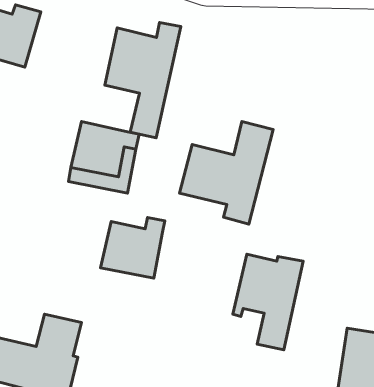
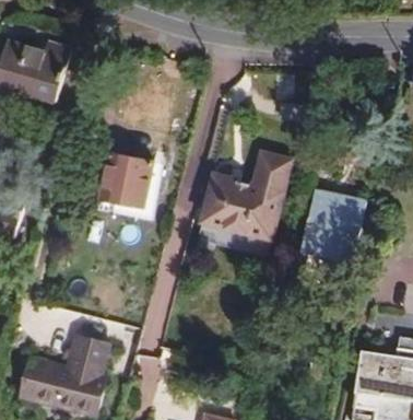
building: [105,22,181,138] -> none
building: [101,218,165,278] -> none
building: [233,254,303,350] -> [299,194,366,284]

